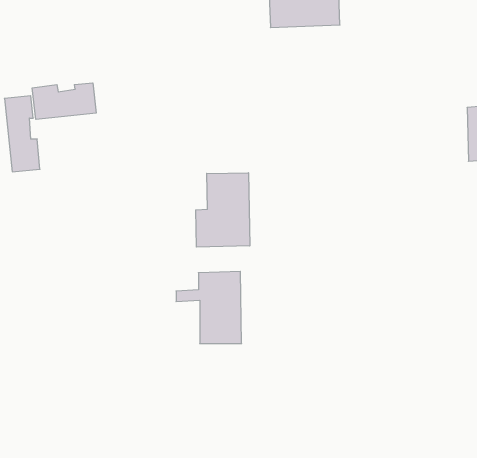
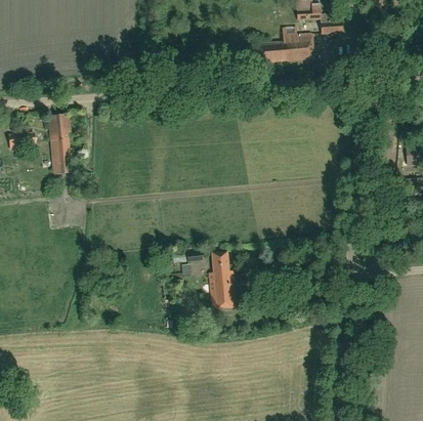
building: [32,83,96,119] -> none
building: [196,173,250,247] -> none

